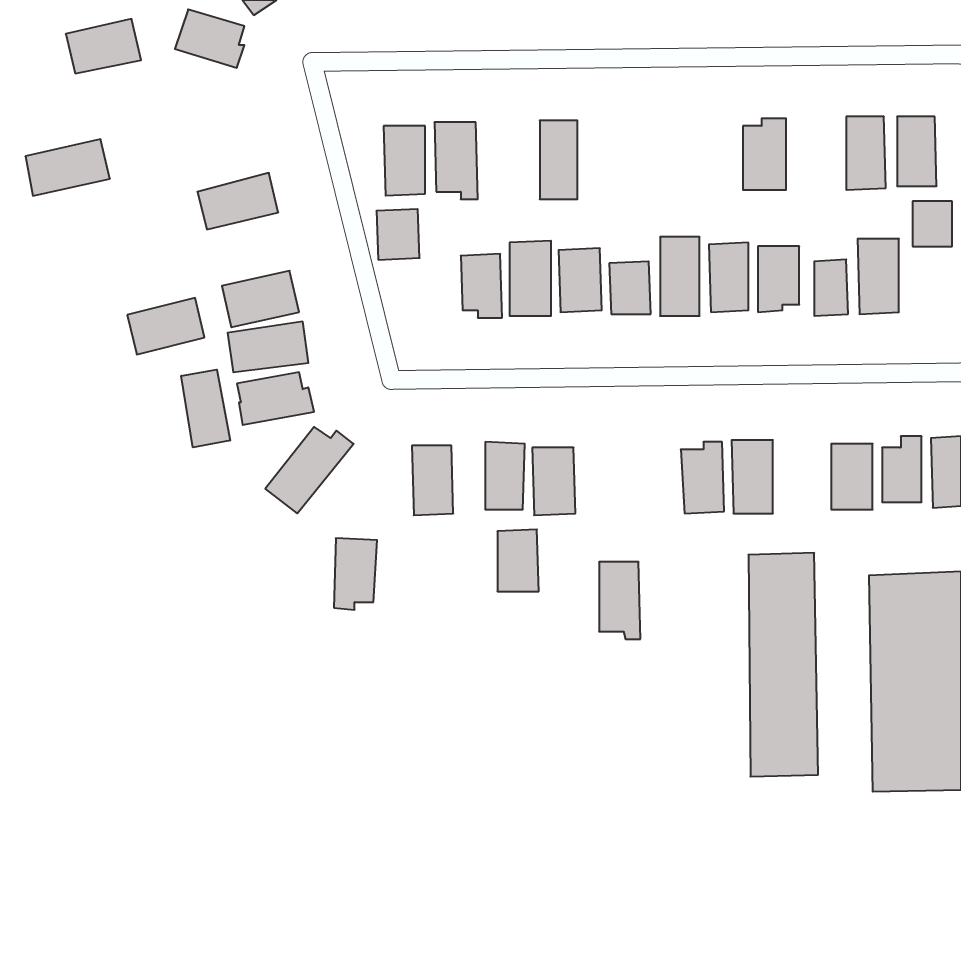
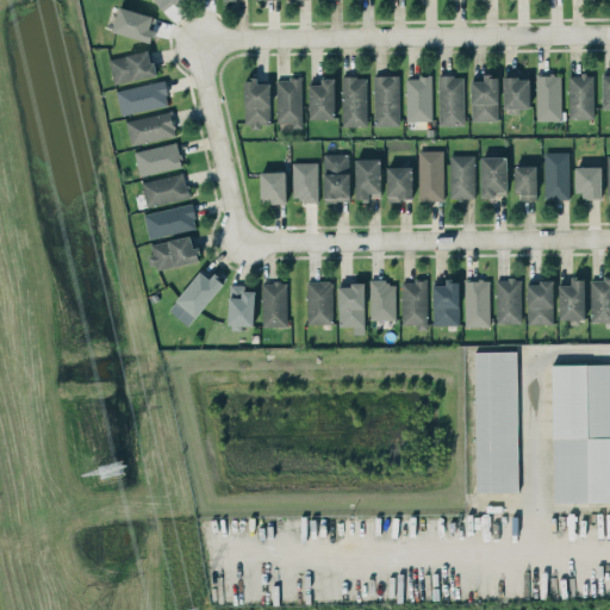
building: [66,19,141,73] -> [108,50,156,85]
building: none -> [373,75,399,126]
building: none -> [503,75,529,110]
building: none -> [438,76,463,126]
building: none -> [405,77,431,122]
building: none -> [309,79,335,119]
building: [25,139,110,196] -> [116,81,169,117]
building: [913,201,952,246] -> [575,168,600,197]
building: [376,209,420,260] -> [259,172,286,204]
building: [127,298,204,354] -> [133,142,182,178]
building: [181,370,230,447] -> none
building: none -> [496,279,522,324]
building: [497,529,539,591] -> [369,281,396,320]
building: [334,538,377,610] -> [228,286,255,331]
building: [599,562,640,639] -> [402,281,428,330]

